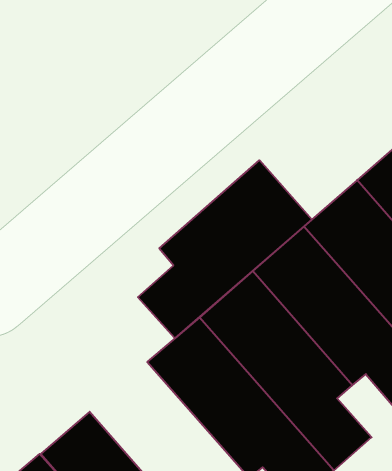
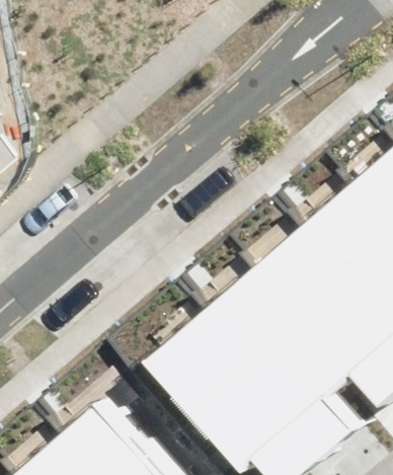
building: [138,160,312,338] -> none

